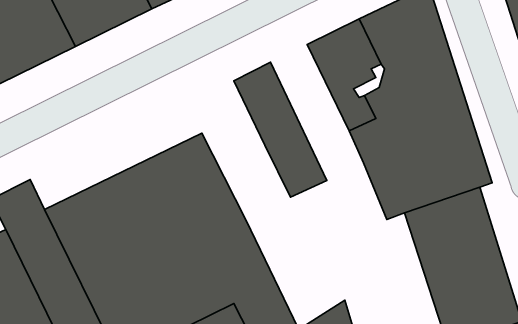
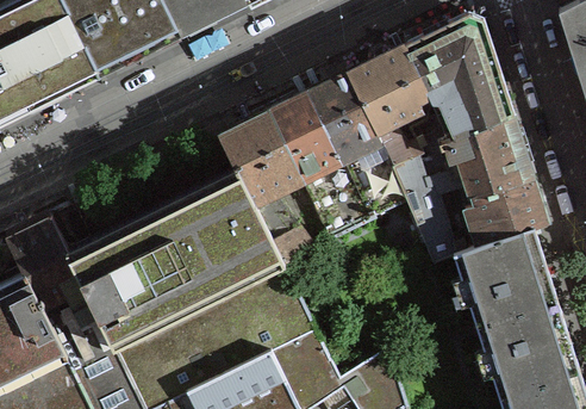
building: none -> [310,72,410,218]
building: none -> [220,111,316,261]

